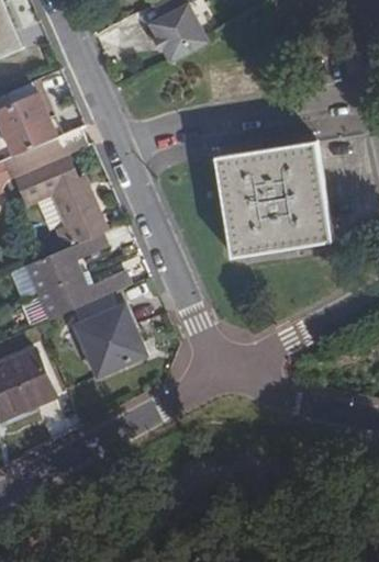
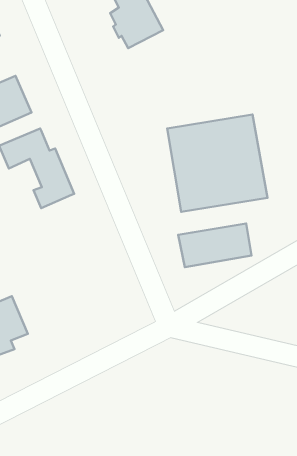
building: [26,232,126,318] -> none
building: none -> [178,223,252,267]
building: [76,306,144,375] -> none

